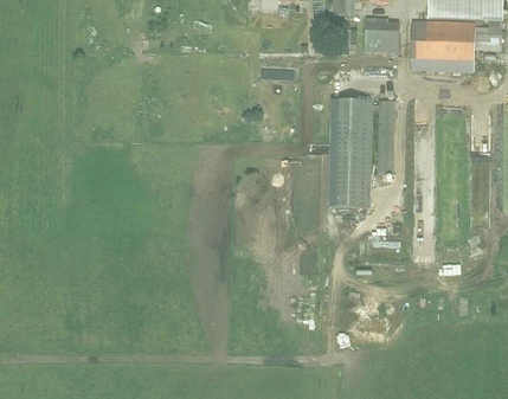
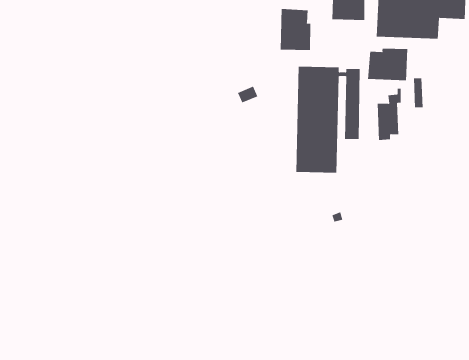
building: none -> [280,8,311,51]
building: none -> [368,48,408,81]

